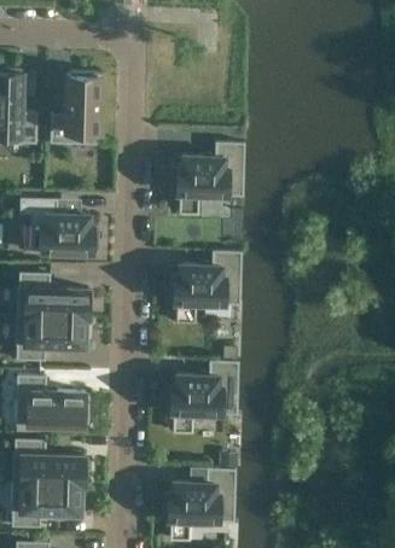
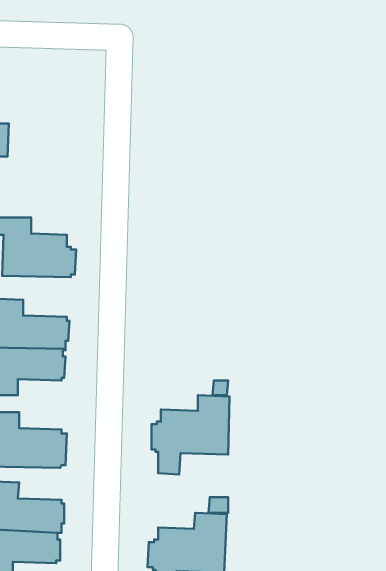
building: [50,72,101,145] -> none
building: [172,142,244,215] -> none
building: [169,251,240,323] -> none

